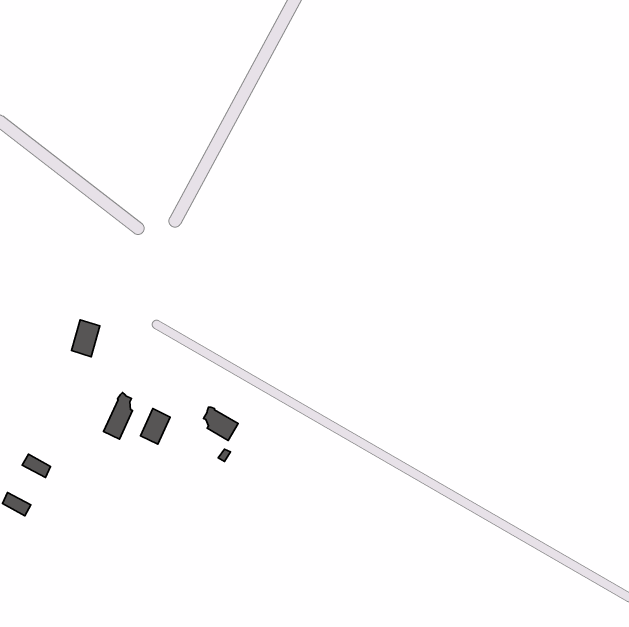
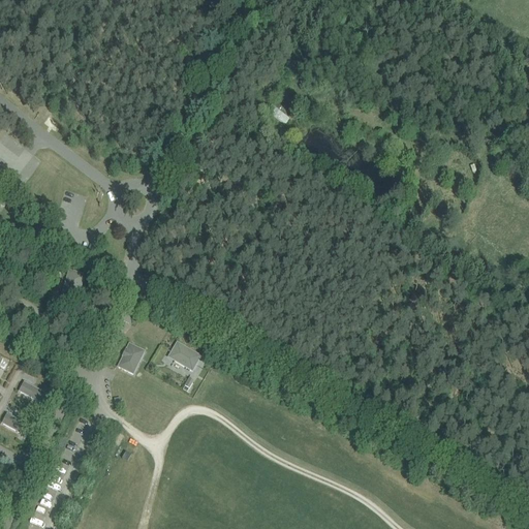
building: [104,392,133,439] -> none

